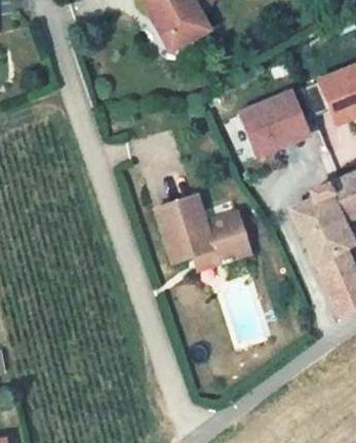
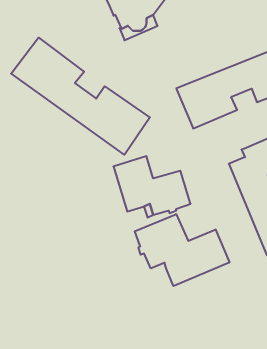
building: none -> [11,38,150,155]
building: none -> [135,214,229,286]

